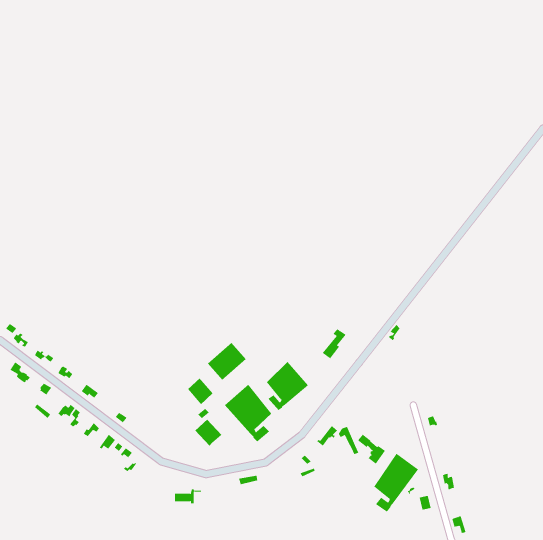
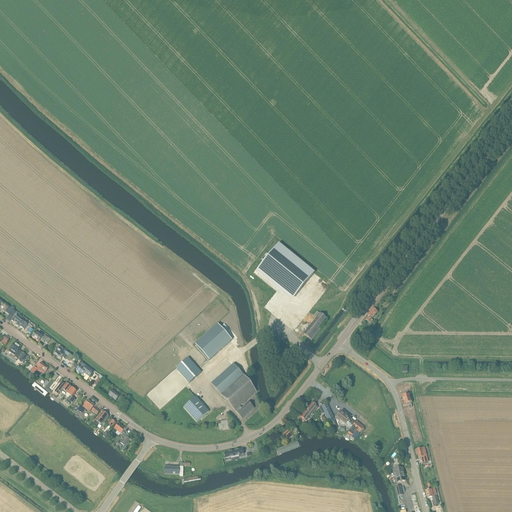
building: none -> [256,241,314,298]
building: [266,361,309,411] -> none
building: [374,453,419,512] -> none

